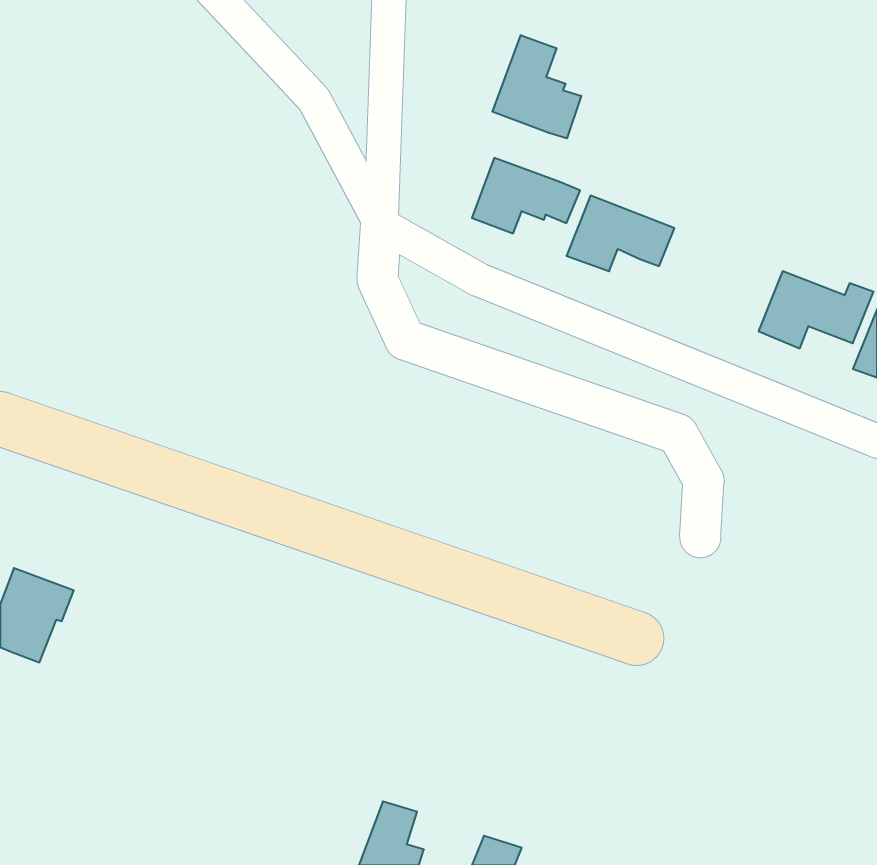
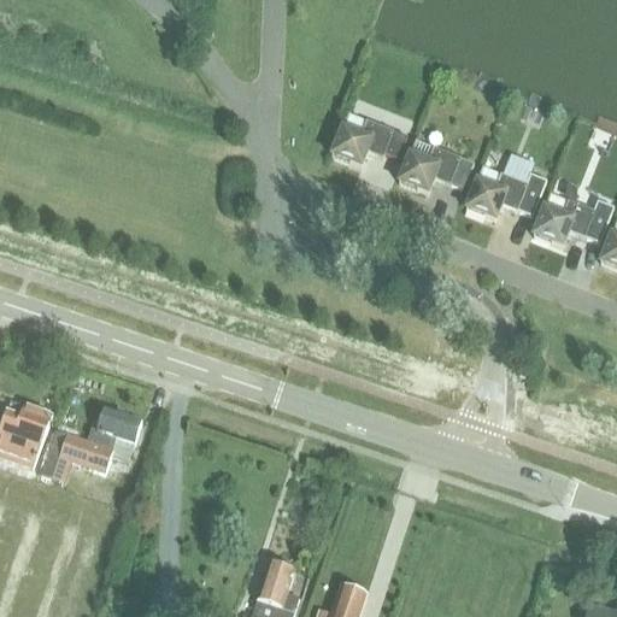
building: [492,35,581,138] -> none
building: none -> [465,164,546,218]
building: none -> [41,410,141,480]

